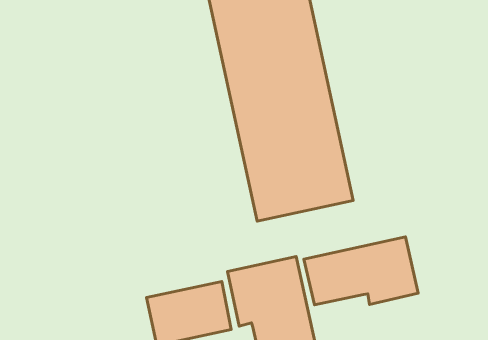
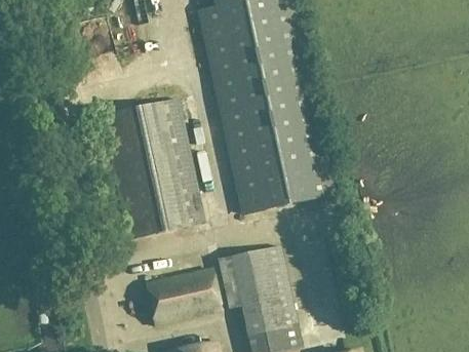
building: none -> [101,99,203,238]
building: [304,237,418,305] -> none

